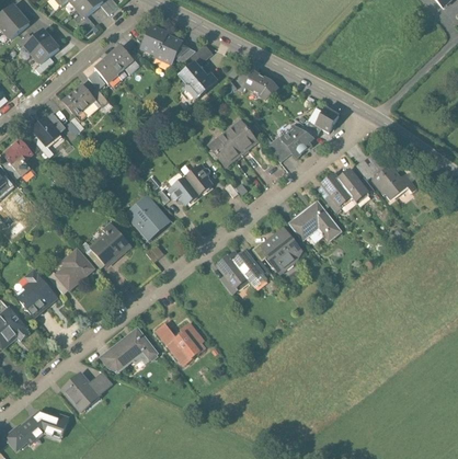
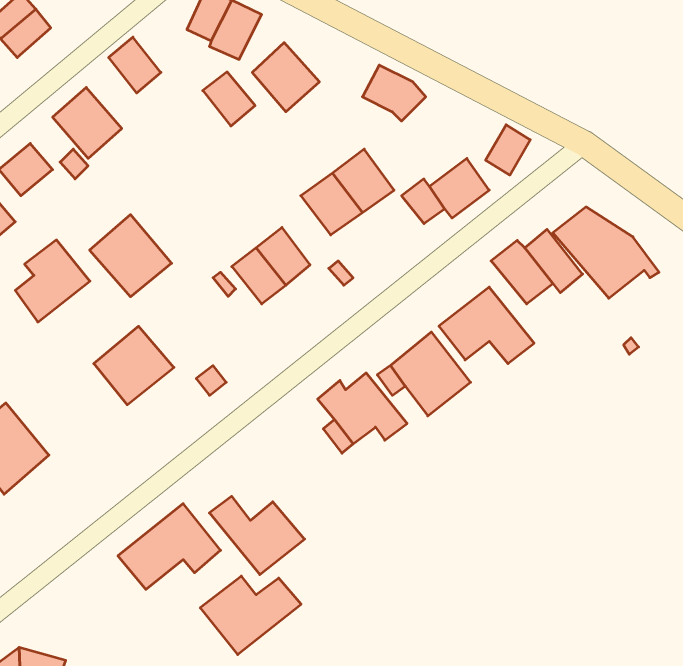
building: [107,41,138,72] -> [203,72,255,126]
building: [123,191,171,239] -> [90,215,172,297]
building: [51,245,95,294] -> [15,240,90,322]
building: [56,369,115,415] -> [200,576,301,655]

